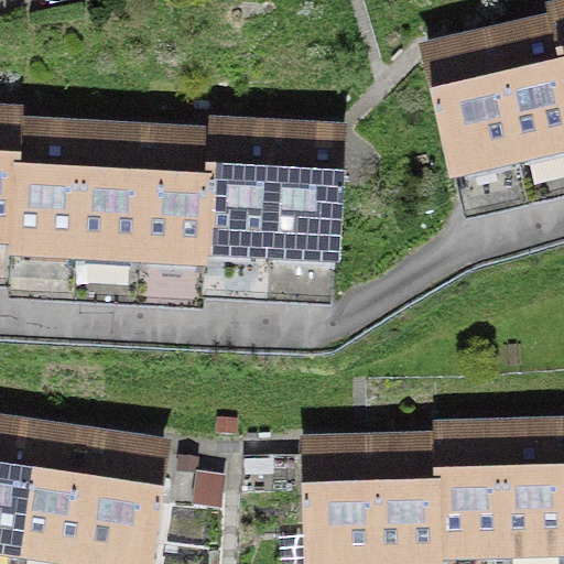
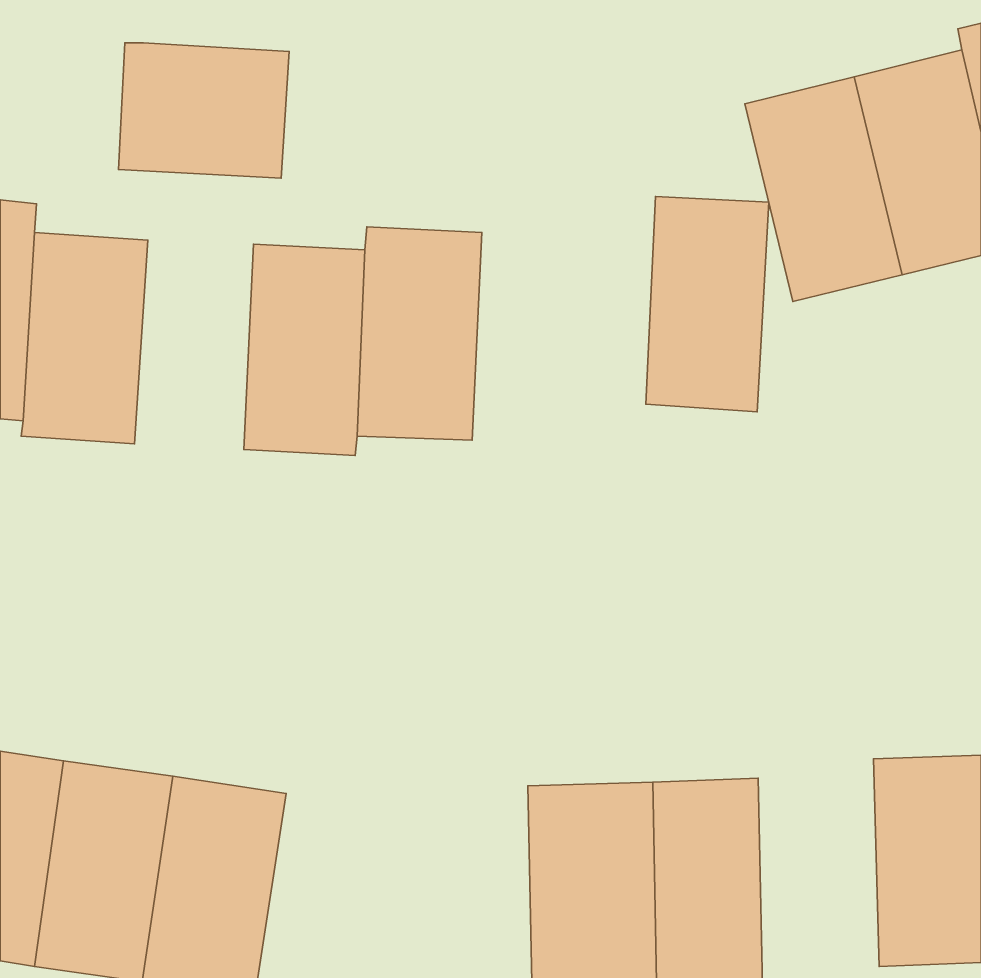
building: none -> [119,43,289,178]
building: [271,135,341,259] -> [646,197,769,412]
building: [77,140,145,260] -> none
building: [435,437,505,558] -> none

